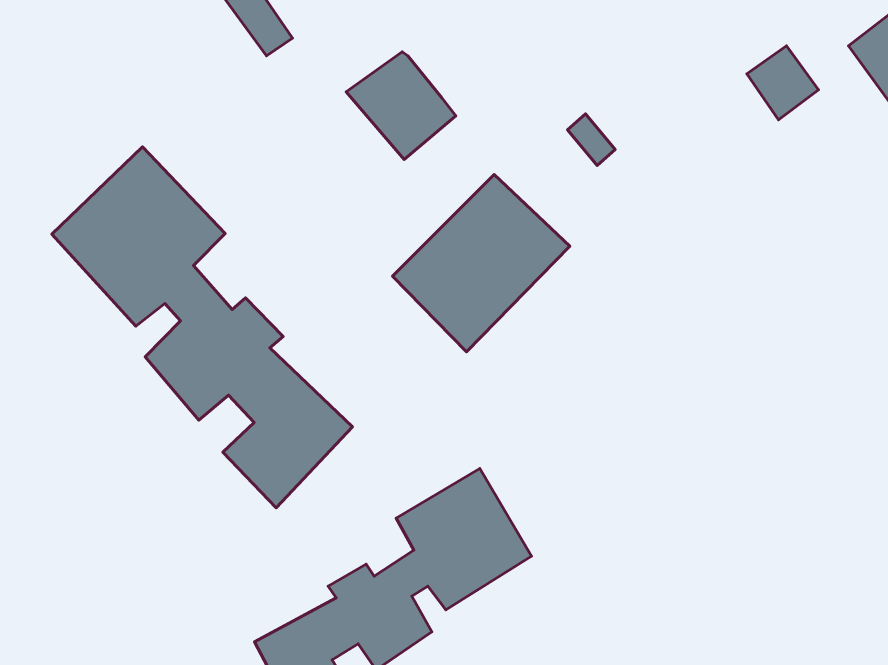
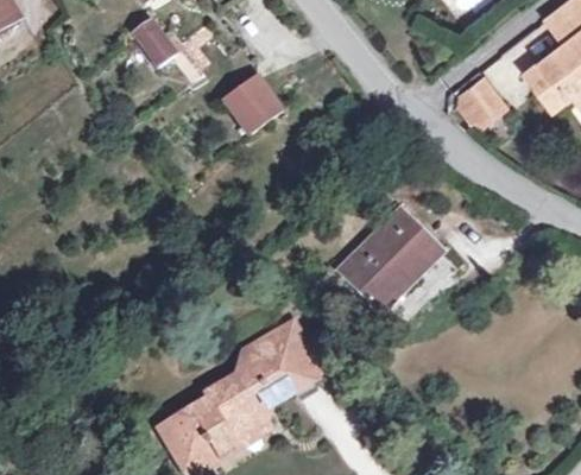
building: [52,147,352,508] -> none
building: [393,174,570,352] -> [340,205,446,311]

